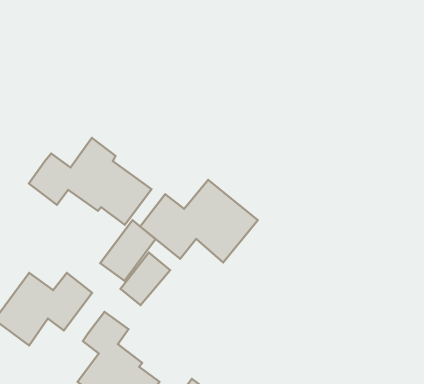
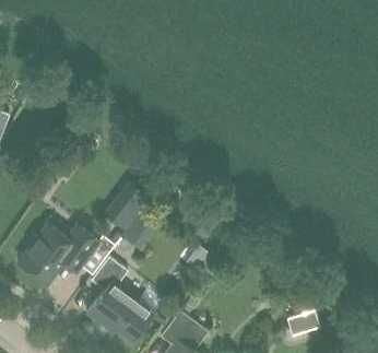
building: [29,138,151,225] -> none
building: [140,180,258,262] -> none

